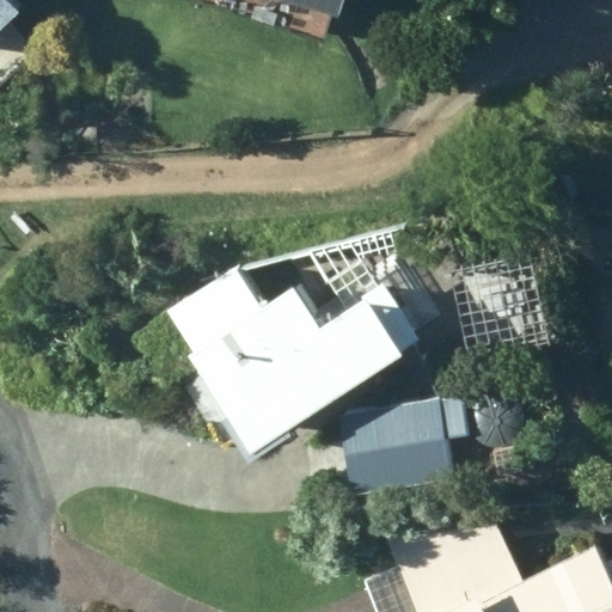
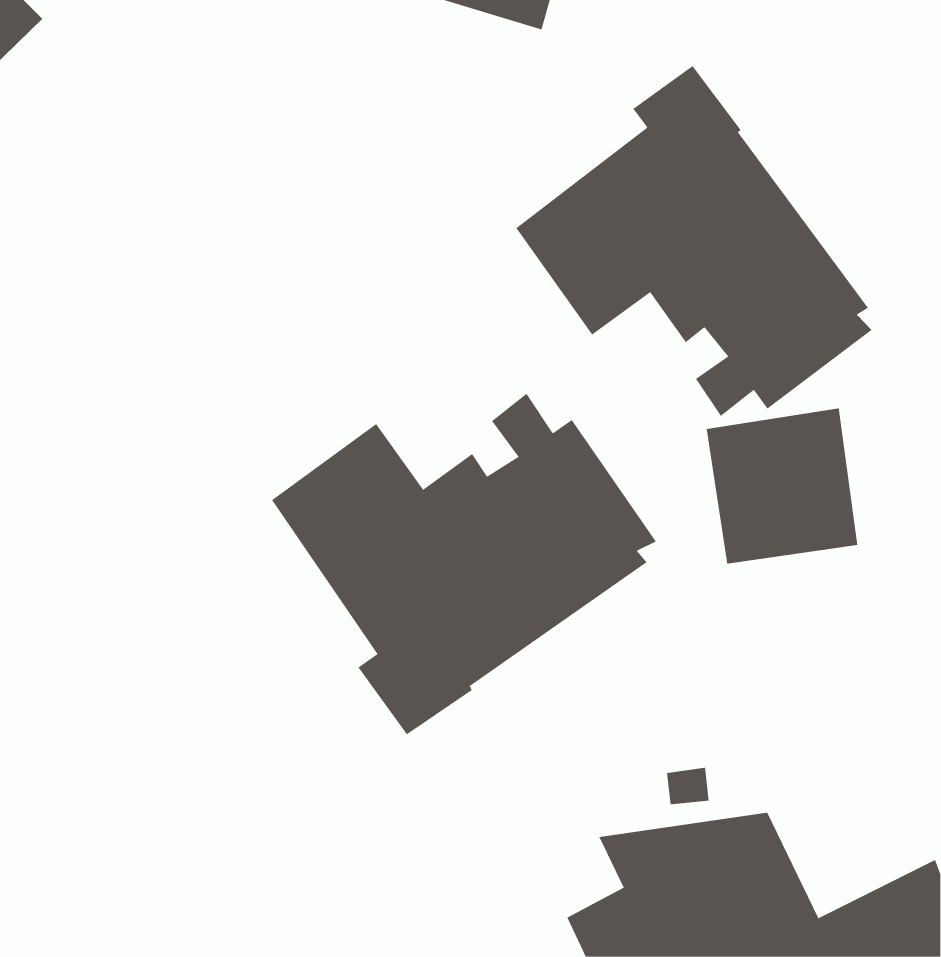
building: none -> [515,65,873,417]
building: [335,397,446,498] -> none

